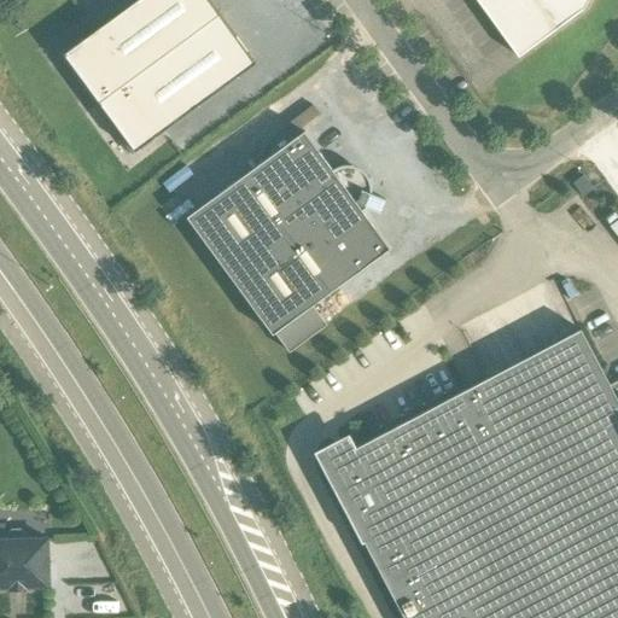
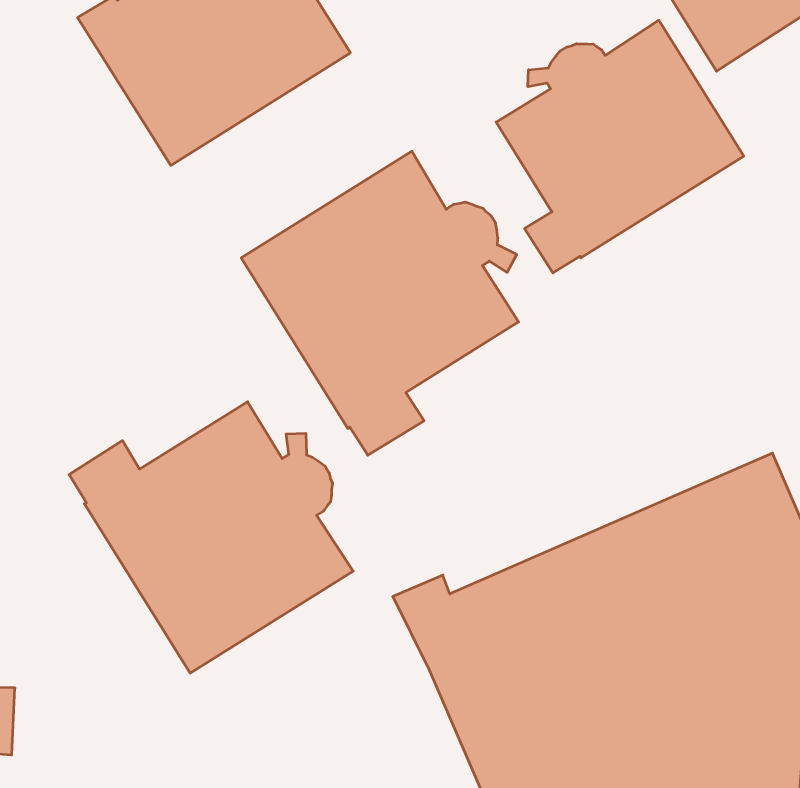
building: none -> [496,20,744,273]
building: none -> [69,402,353,673]

